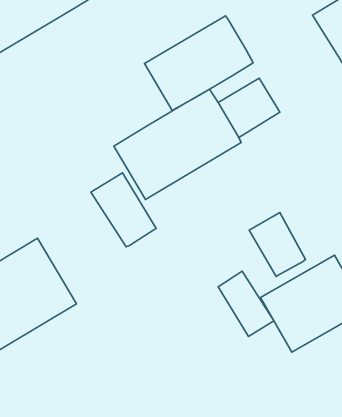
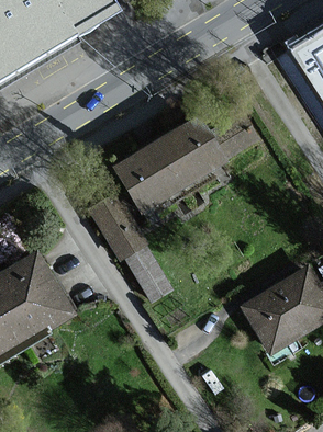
building: [144,16,253,110] -> none
building: [249,212,305,277] -> none
building: [218,271,274,336] -> [122,245,172,304]

